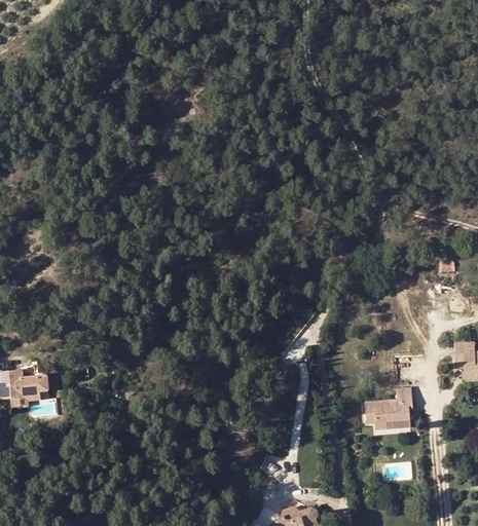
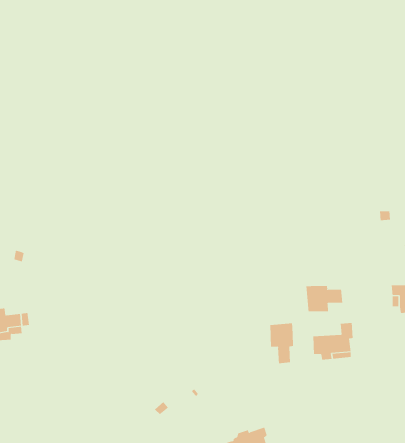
building: none -> [306,285,343,312]
building: none -> [270,322,293,364]

